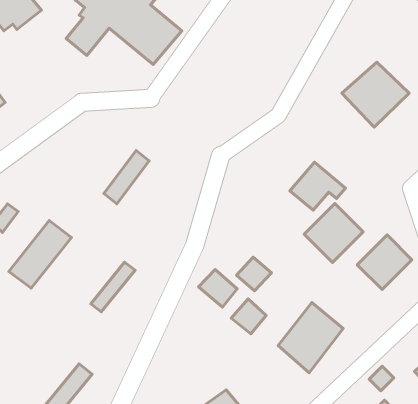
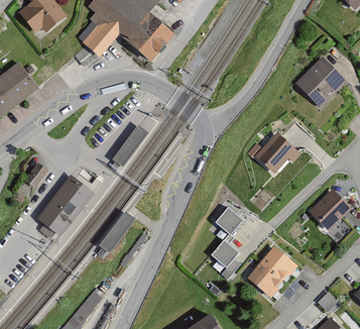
building: [304,204,363,262] -> none
building: [199,270,237,307] -> none

